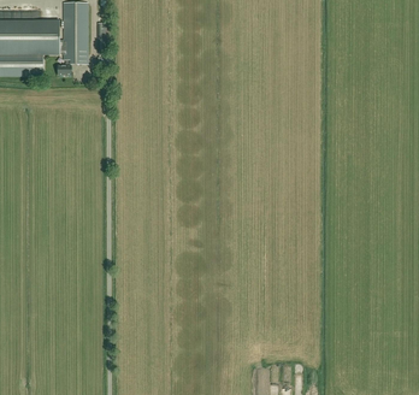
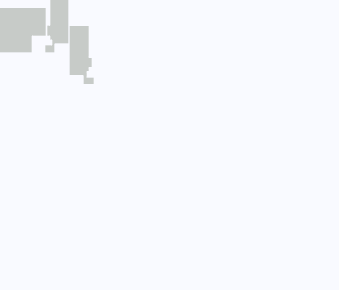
building: none -> [69,25,94,85]

